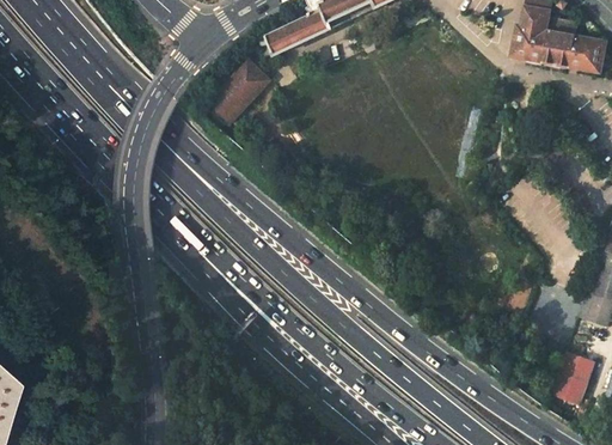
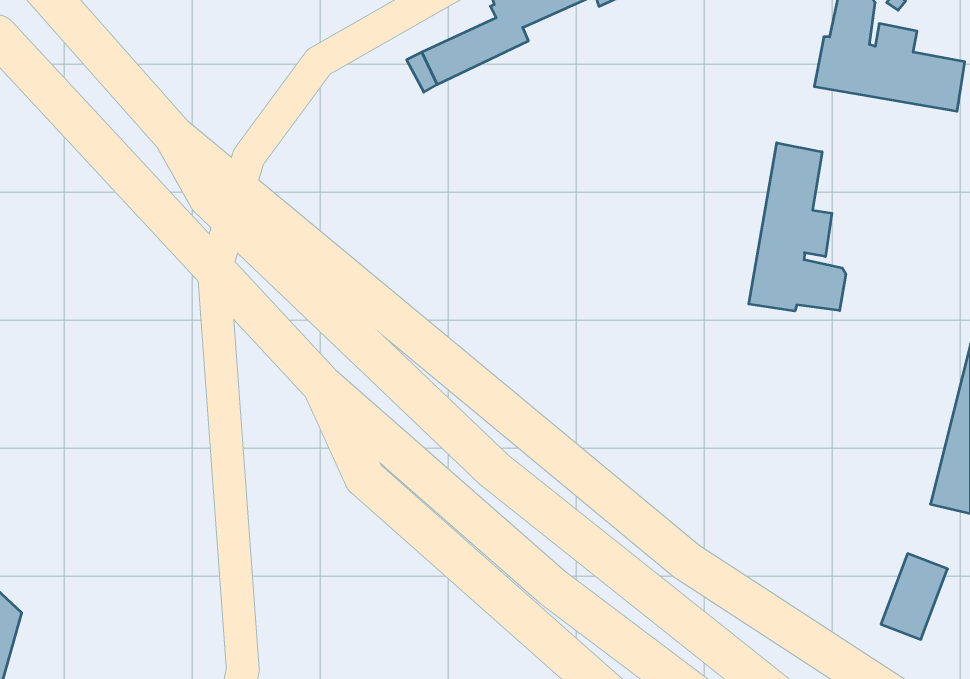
building: [209,60,270,122] -> none
building: none -> [749,143,846,311]

